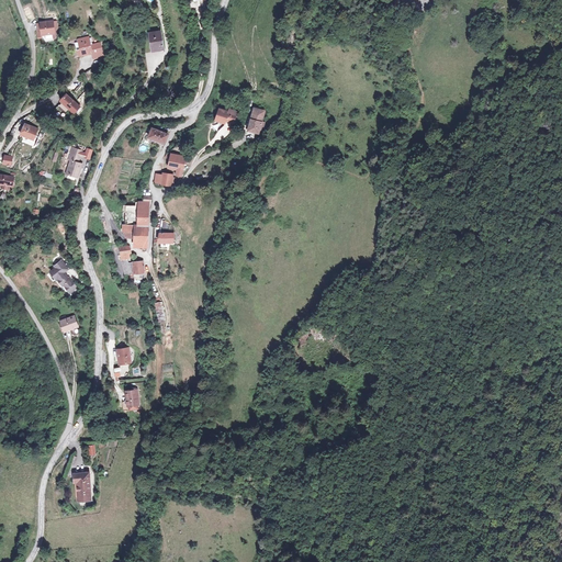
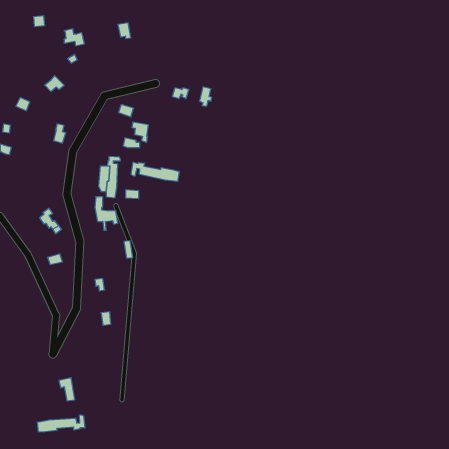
building: none -> [131,162,179,182]
building: none -> [37,415,85,432]

